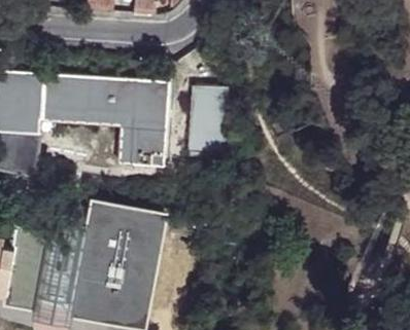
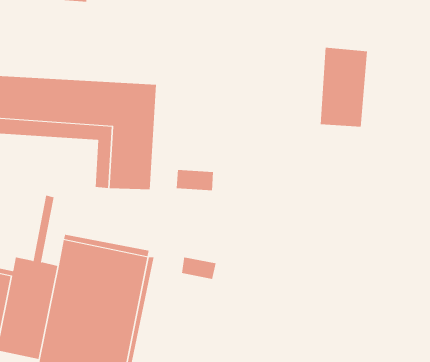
building: [184,85,224,150] -> [320,47,368,127]

